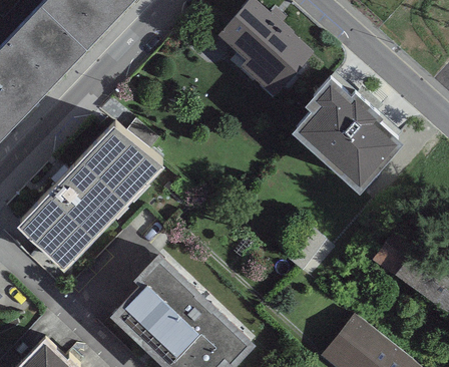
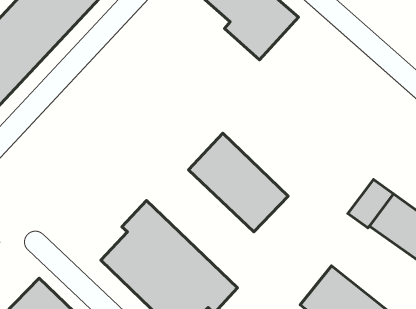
building: [290,72,402,189] -> none
building: [16,117,160,266] -> none
building: none -> [188,133,288,232]

